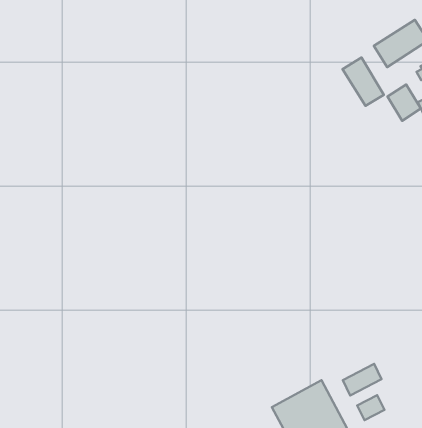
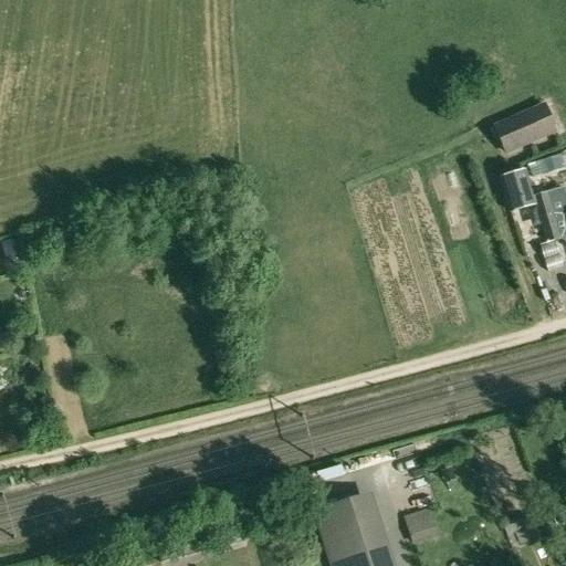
building: [343,58,384,106] -> none
building: [343,364,382,395] -> none

